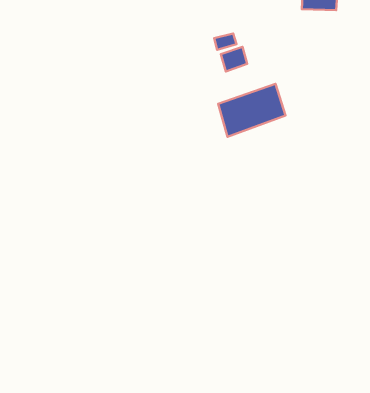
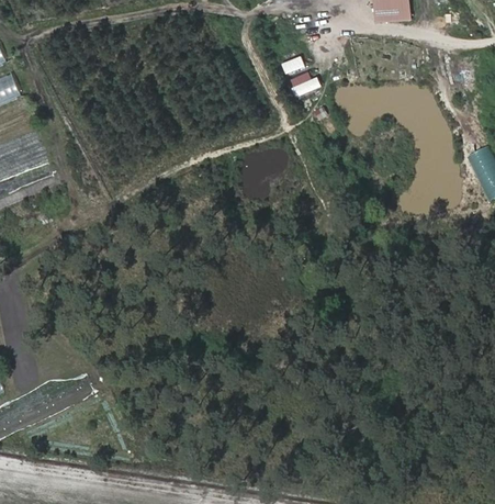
building: [218,84,286,137] -> none

